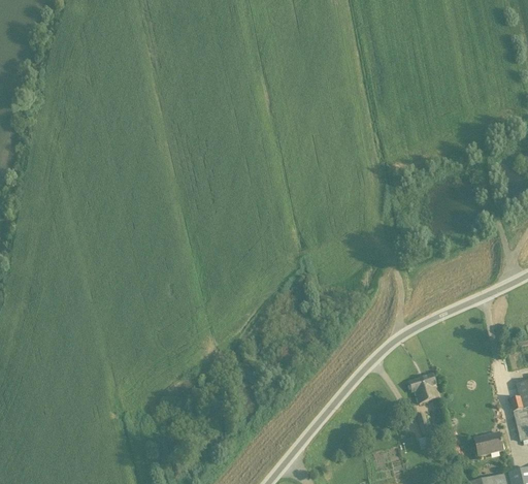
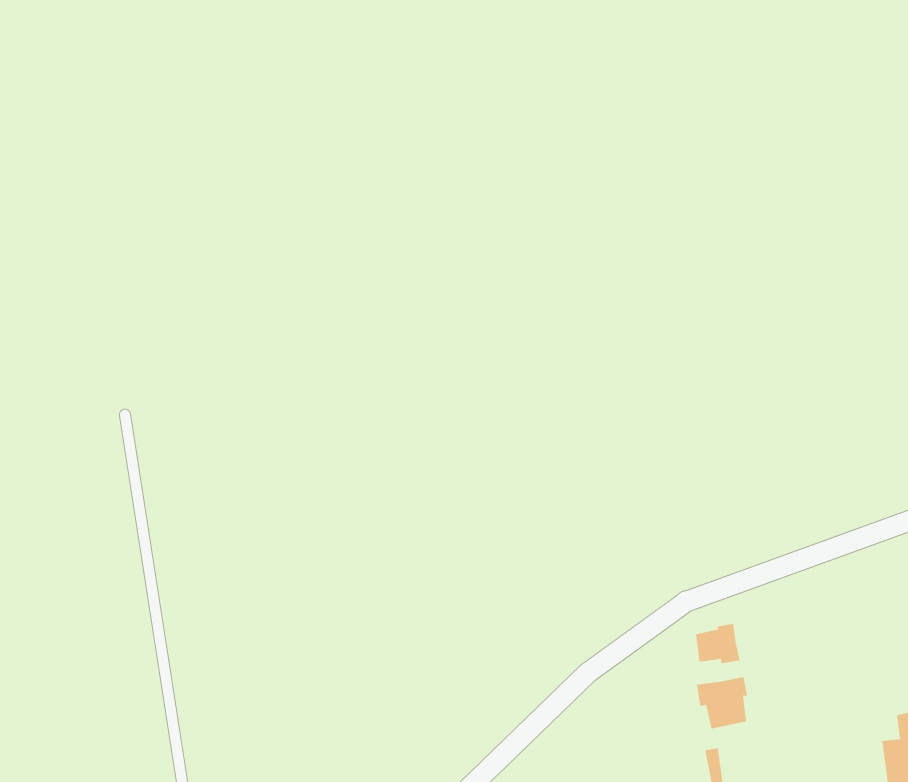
building: none -> [696,623,740,664]

